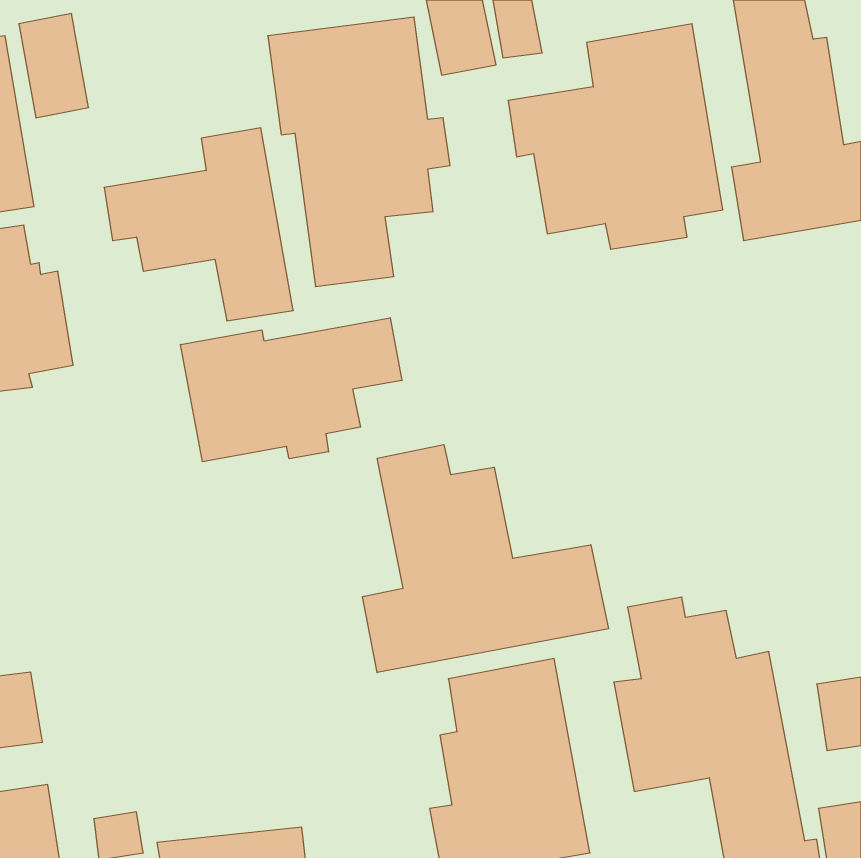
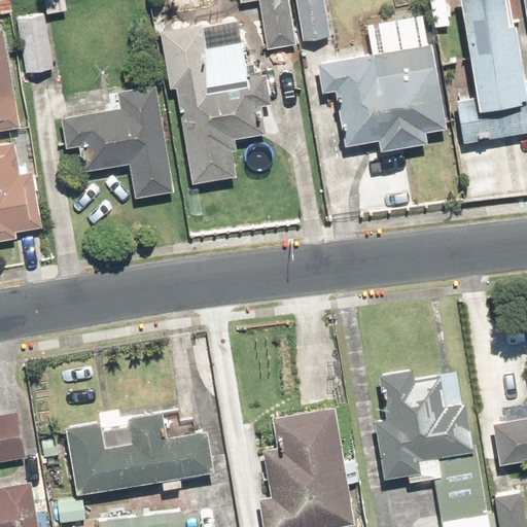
building: [180,318,402,462] -> none
building: [362,445,609,673] -> none
building: none -> [67,409,211,494]

